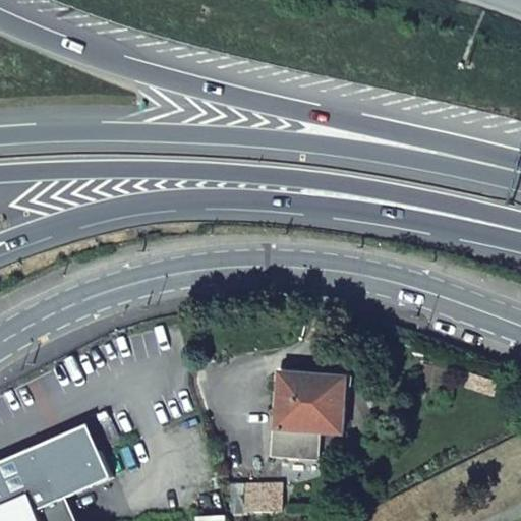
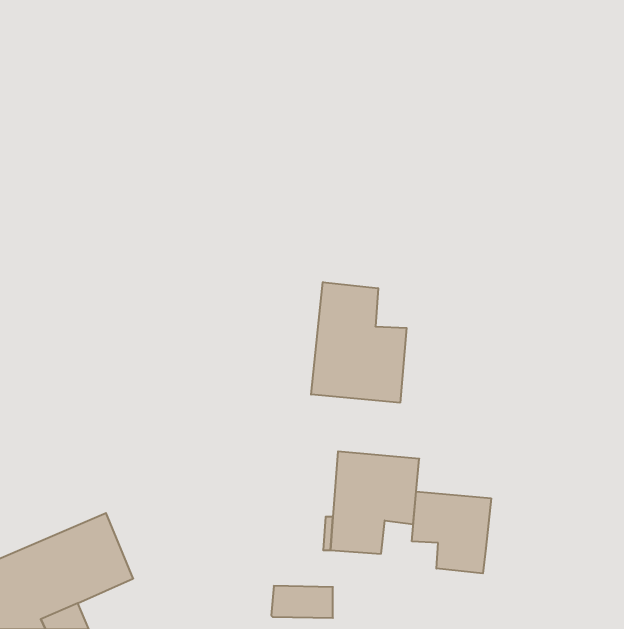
building: none -> [311,282,407,403]
building: none -> [412,491,491,573]

